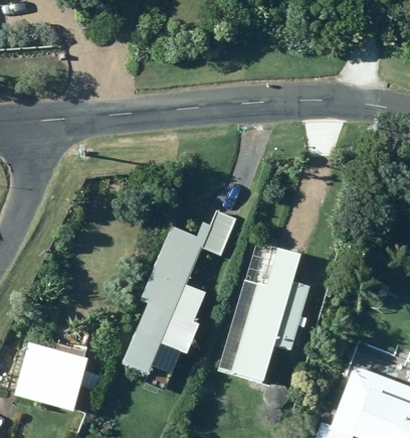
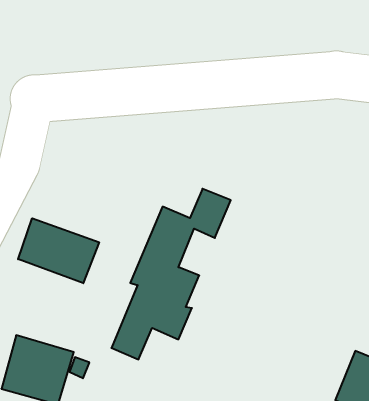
building: none -> [18,218,99,283]
building: [218,247,310,381] -> none

